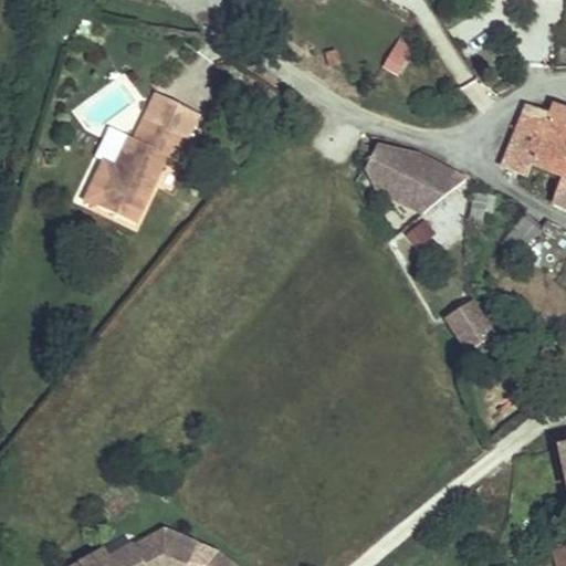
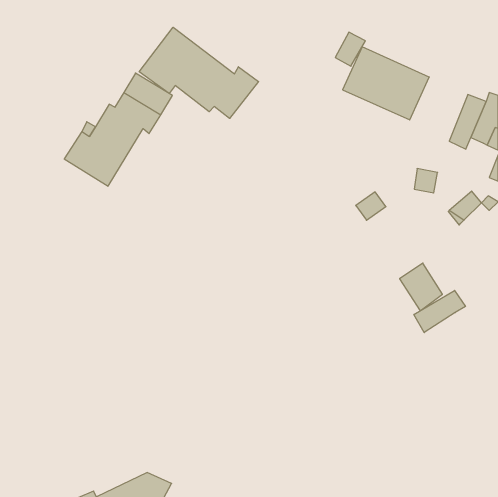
building: none -> [139,27,259,118]
building: [358,136,457,219] -> [343,47,429,120]
building: none -> [414,290,465,333]

